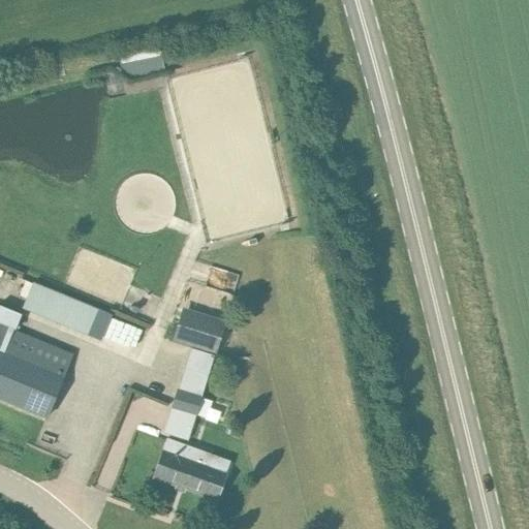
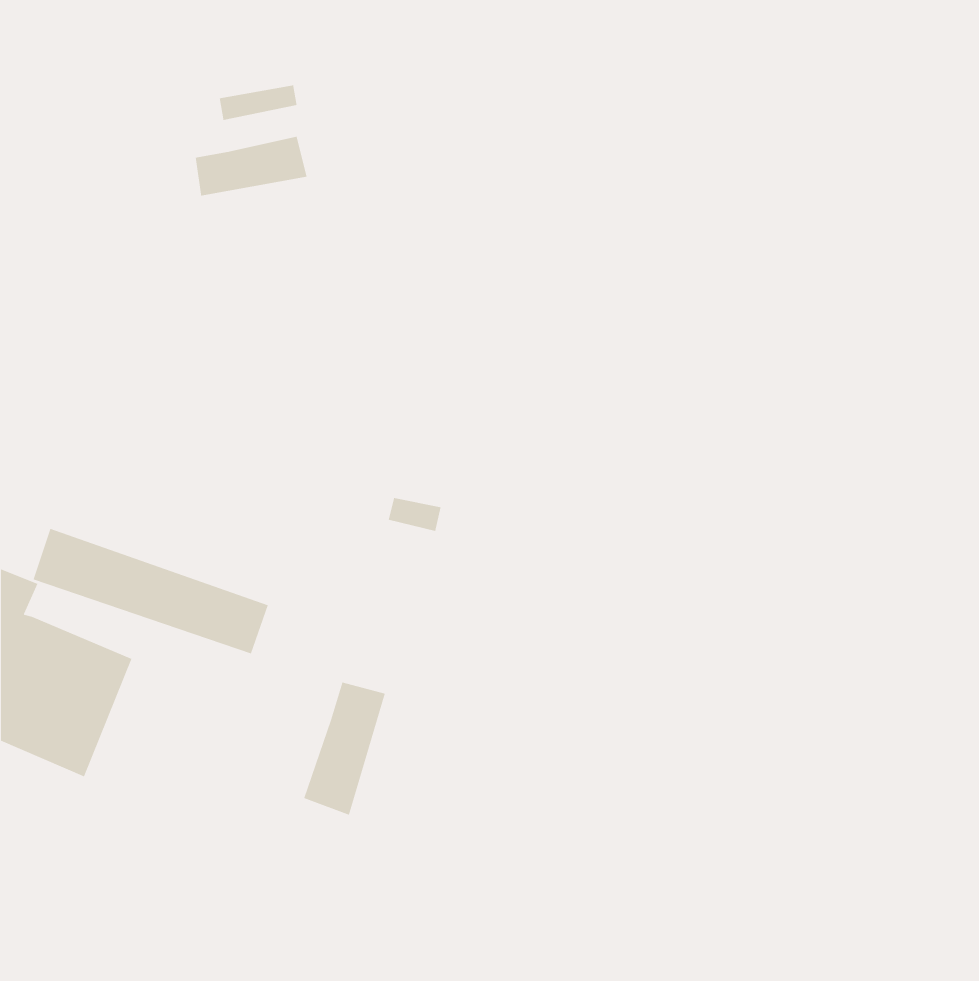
building: none -> [195,136,307,197]
building: [173,308,227,356] -> none
building: [153,439,230,501] -> none

